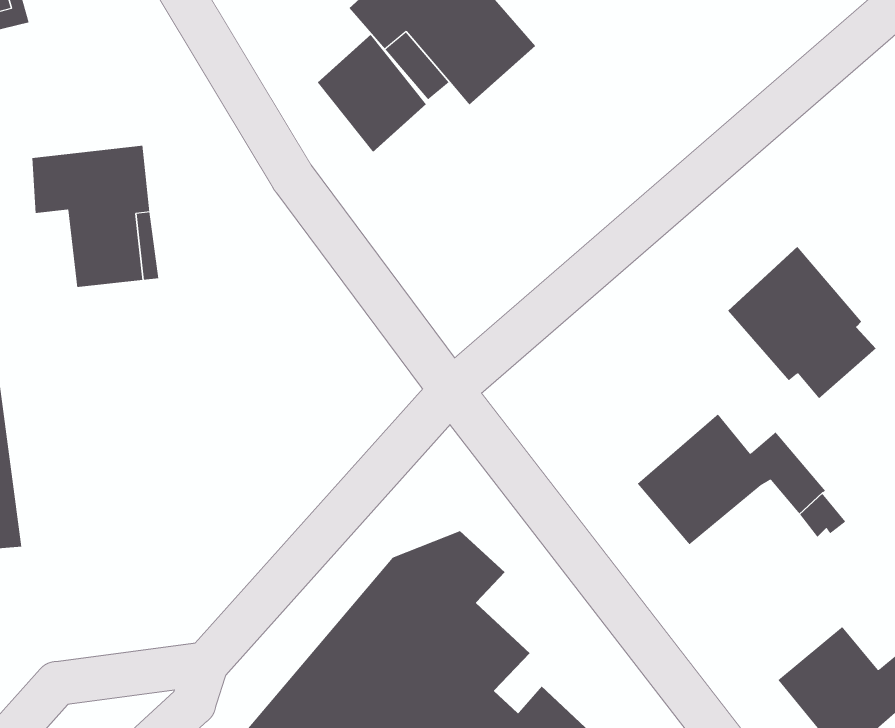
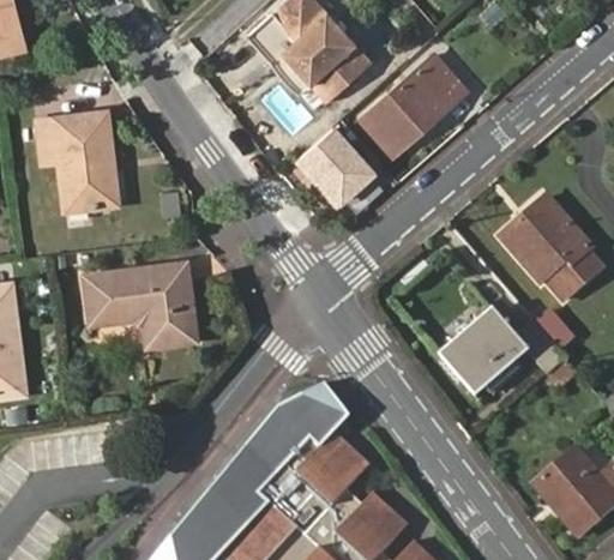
building: [317,34,427,153] -> [300,127,373,206]
building: none -> [360,54,466,156]
building: none -> [90,266,198,339]

